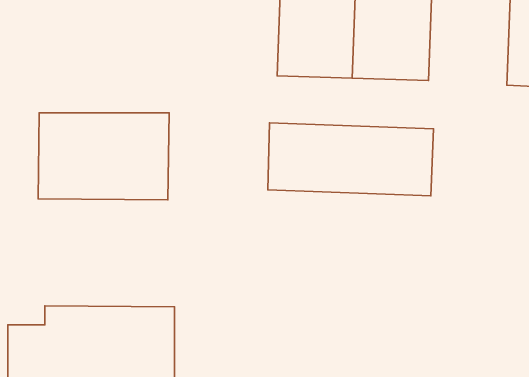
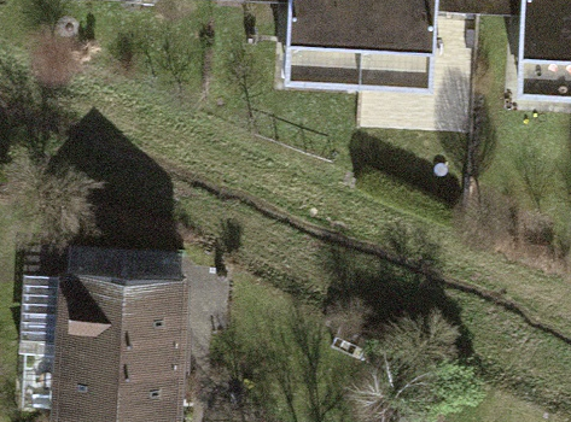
building: [38,113,169,200] -> [57,253,190,341]
building: [268,123,434,196] -> none

